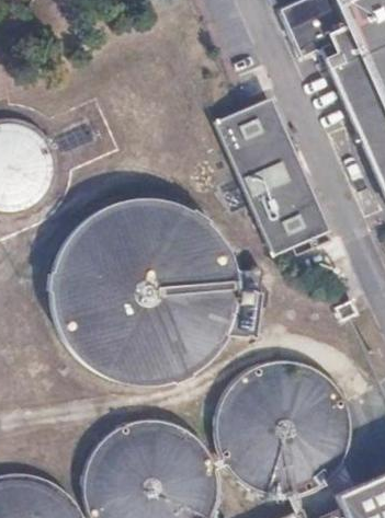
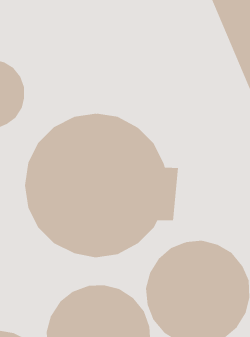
building: [216,106,317,255] -> none

